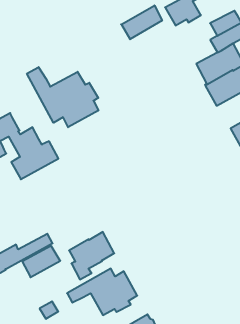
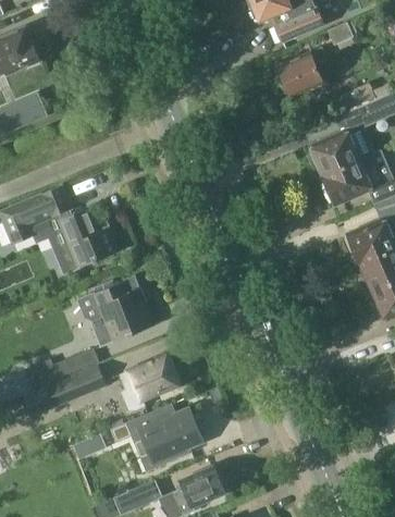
building: [121,5,162,39] -> none
building: [27,67,98,127] -> none
building: none -> [89,276,153,347]

